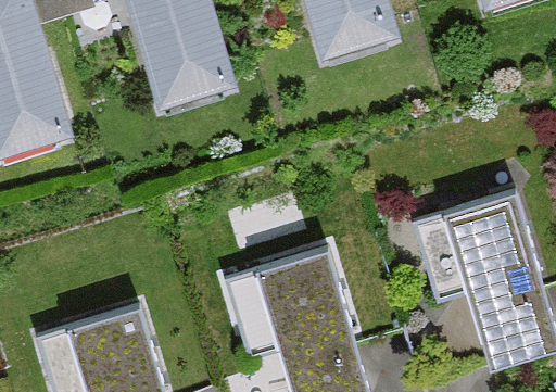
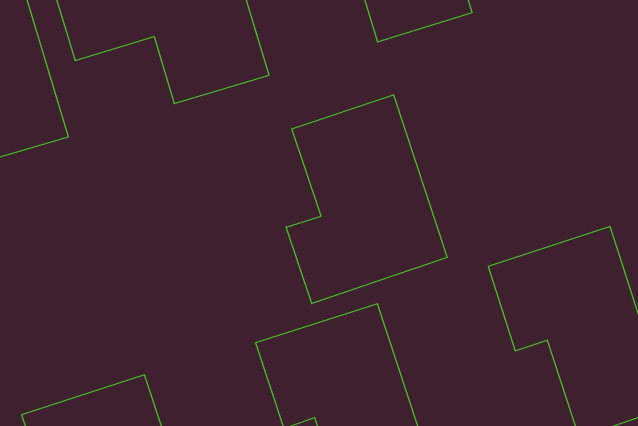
building: none -> [286,95,447,304]

